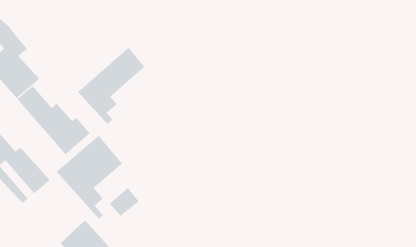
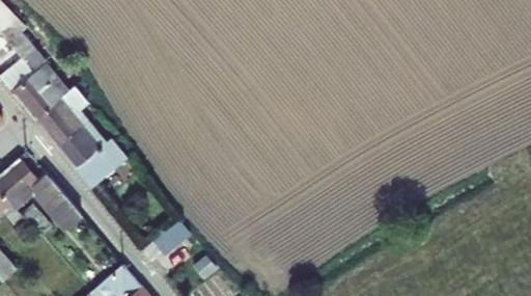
building: [77,47,145,125] -> none
building: [56,135,123,219] -> none

